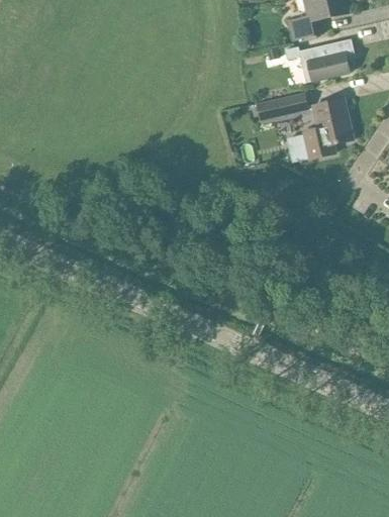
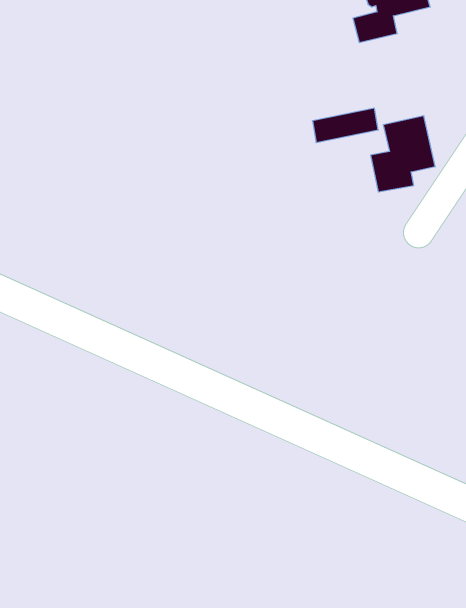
building: [285,38,354,82] -> none

